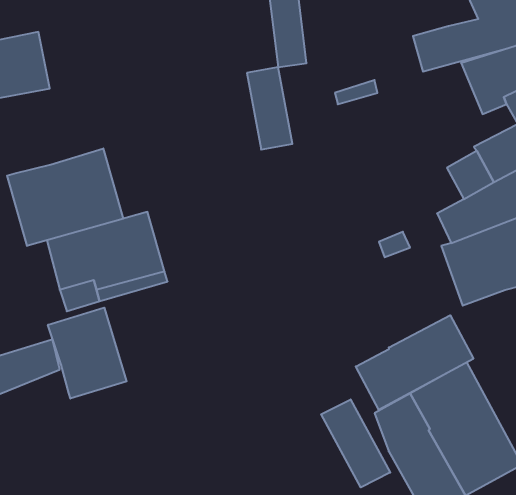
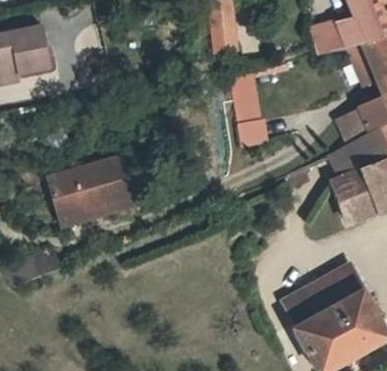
building: [247,67,292,150] -> [231,84,264,143]
building: [7,148,123,246] -> none
building: [48,308,127,399] -> none
building: [356,315,473,410] -> none
building: [321,399,390,487] -> none

